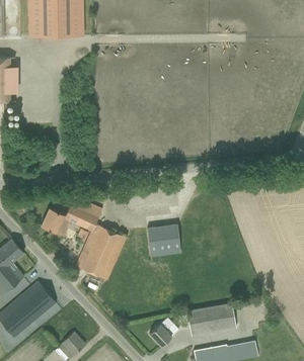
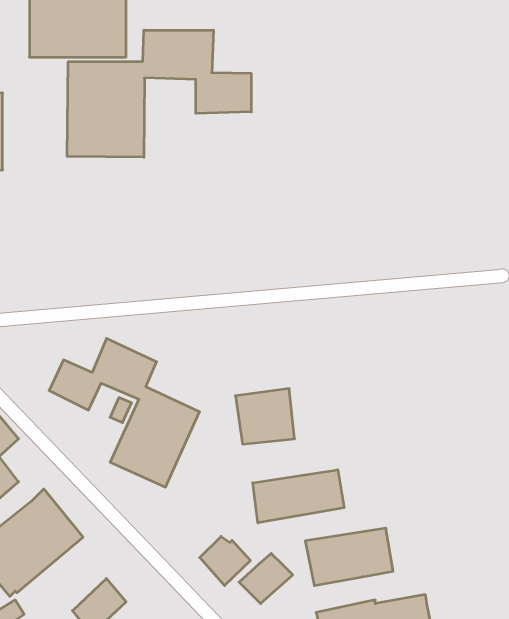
building: none -> [67,30,251,157]
building: none -> [253,470,344,523]
building: none -> [200,536,250,586]

